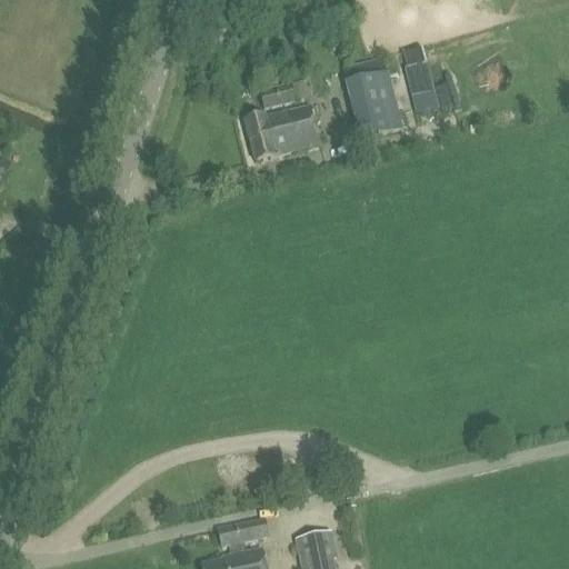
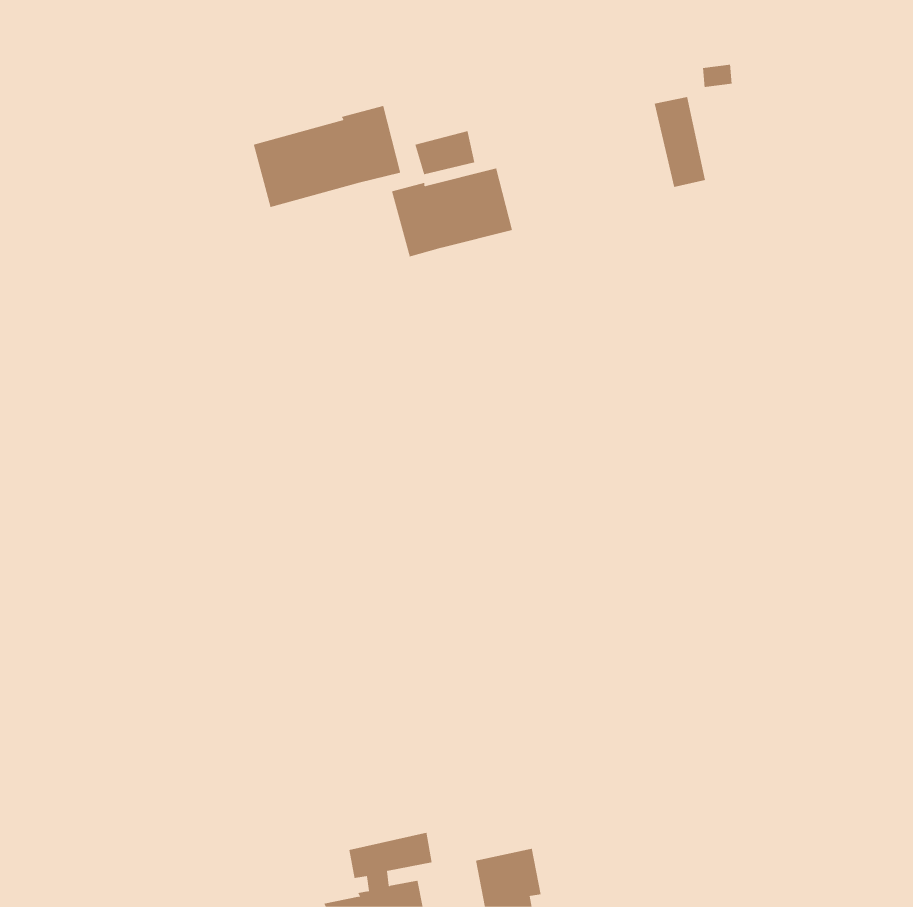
building: [340,57,402,139] -> none
building: none -> [253,105,401,208]

